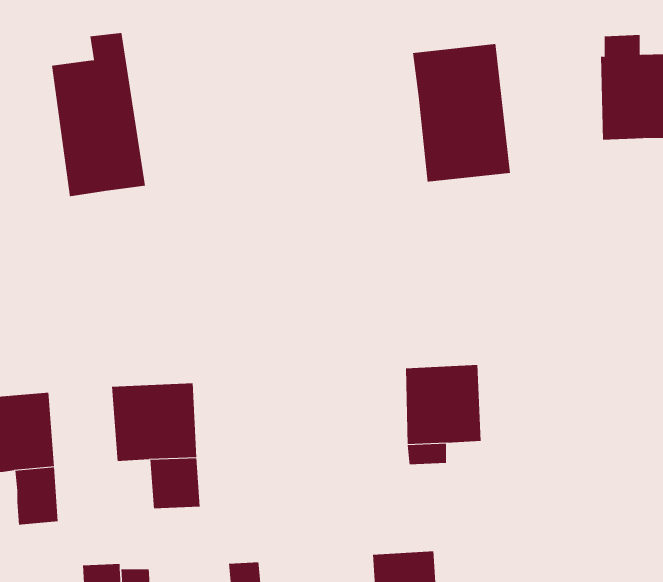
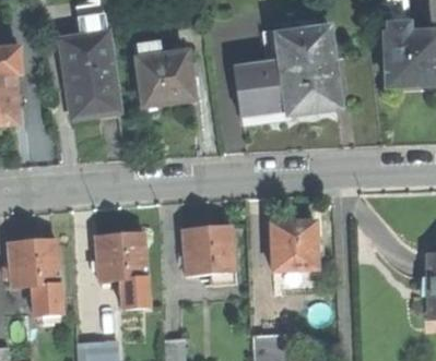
building: none -> [132,44,189,108]
building: none -> [232,60,284,122]
building: none -> [184,225,235,284]

